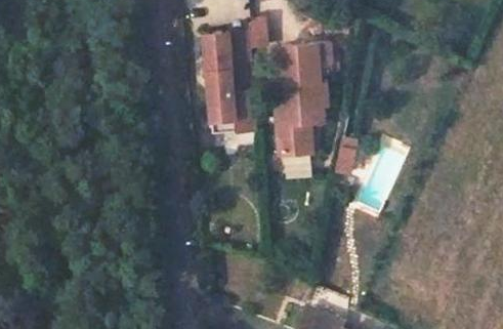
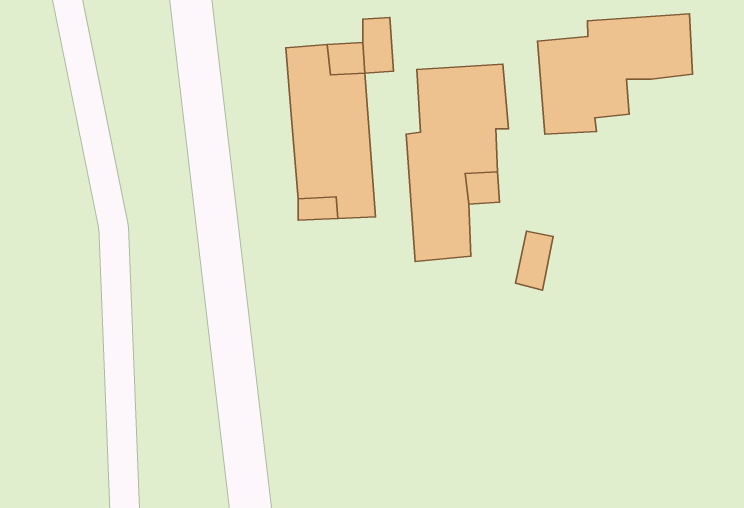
building: none -> [538,14,692,134]

